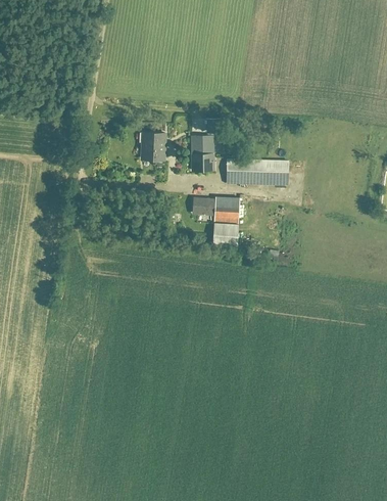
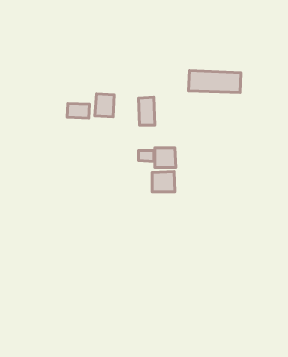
building: none -> [67,104,89,118]
building: [226,158,289,185] -> [189,70,241,92]

